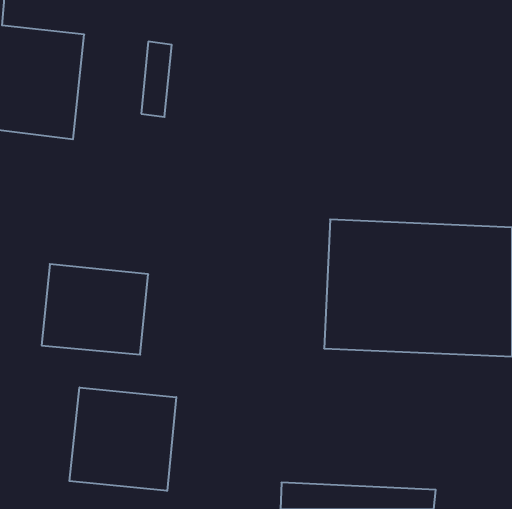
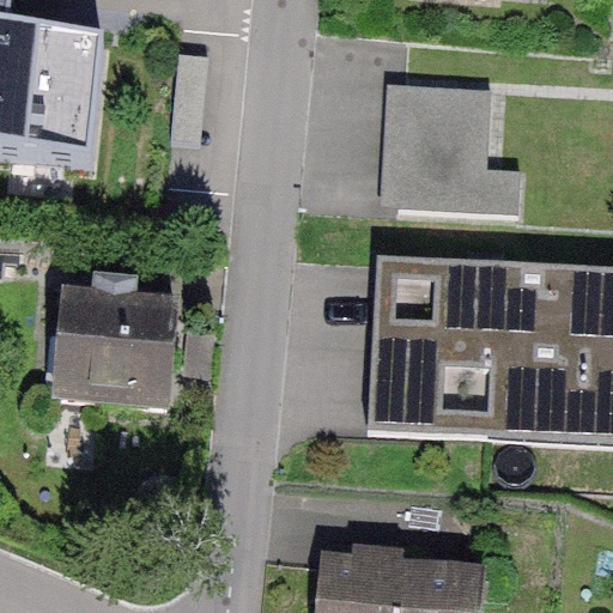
building: none -> [392,84,514,210]
building: [69,387,176,491] -> none

